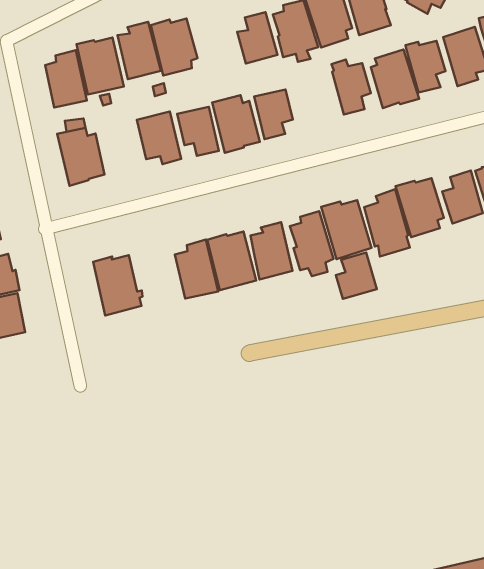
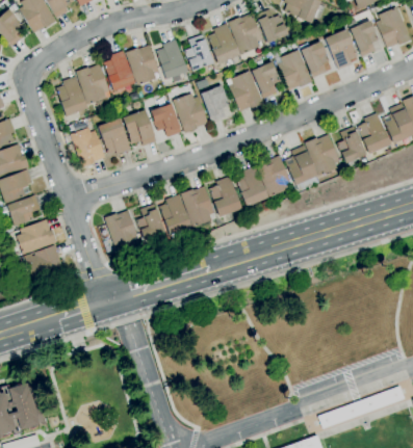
building: none -> [157,38,188,79]
building: none -> [228,70,264,111]
building: none -> [100,118,131,154]
building: none -> [137,204,165,240]
building: [336,253,377,299] -> none

